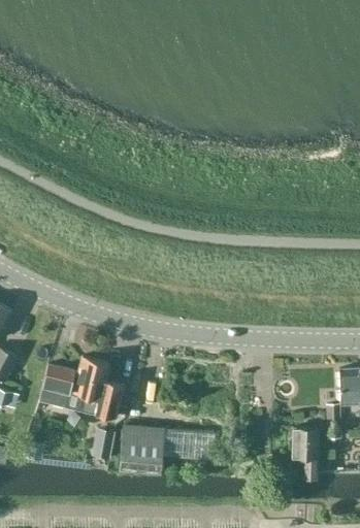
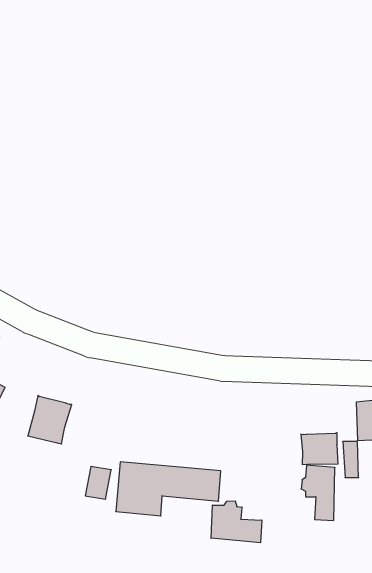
building: [69,357,126,420] -> none
building: none -> [301,433,338,465]
building: none -> [211,501,262,543]

